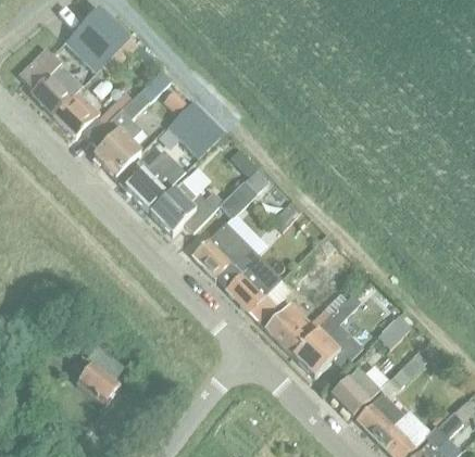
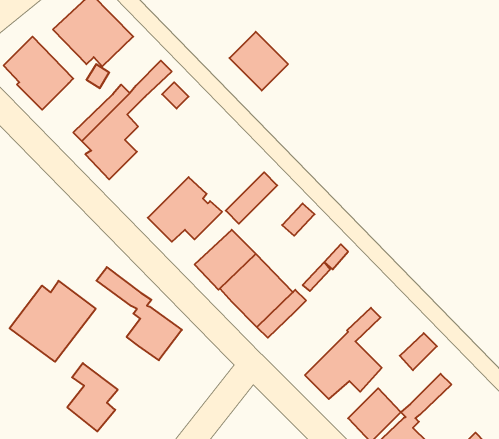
building: [54,90,99,136] -> none
building: [168,104,222,157] -> [229,32,288,91]
building: [118,150,185,208] -> none
building: none -> [96,267,182,360]
building: none -> [10,281,96,362]
building: [266,302,332,354] -> none

